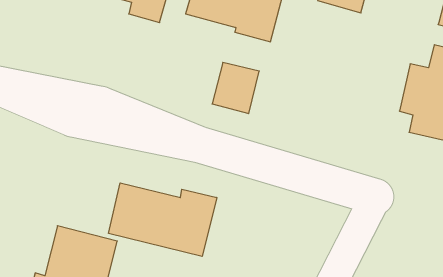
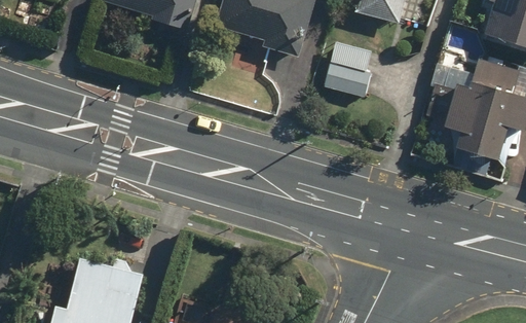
building: [212,62,259,114] -> [326,41,376,96]
building: [109,183,217,256] -> none

